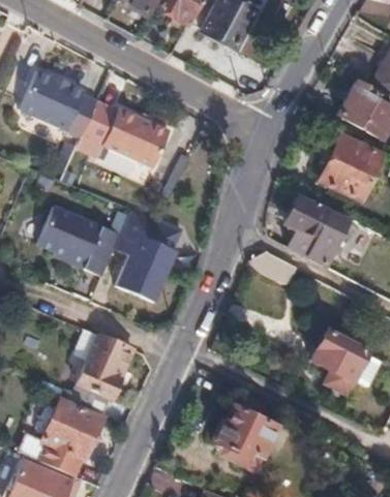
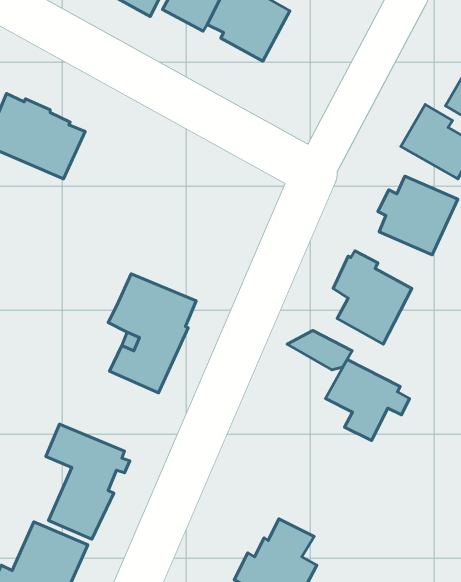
building: [76,102,170,170] -> none
building: [38,208,121,276] -> none
building: [311,332,376,394] -> [326,359,410,441]

